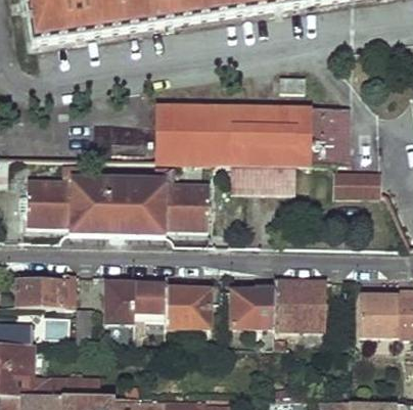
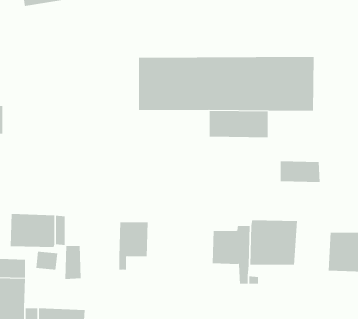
building: [28,167,205,234] -> none
building: [334,173,378,196] -> [280,161,321,183]
building: [107,281,134,320] -> none
building: [165,282,208,330] -> none

